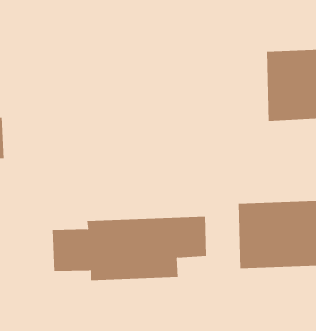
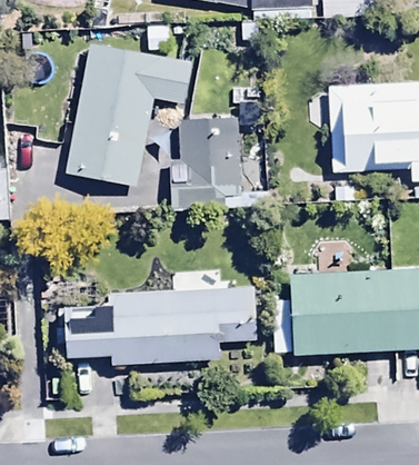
building: none -> [67,43,191,186]
building: none -> [170,116,242,210]

